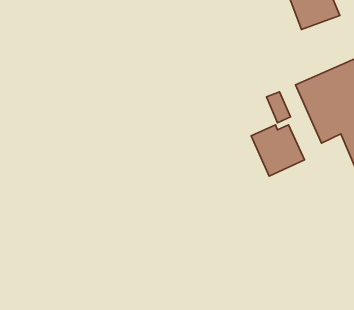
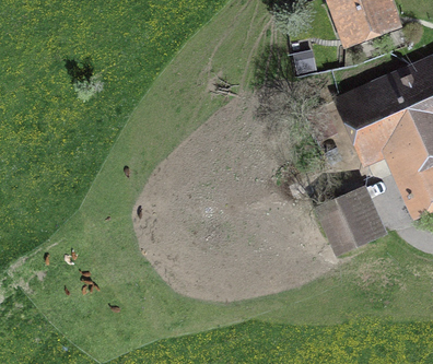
building: [251,125,304,176] -> [320,192,378,248]

